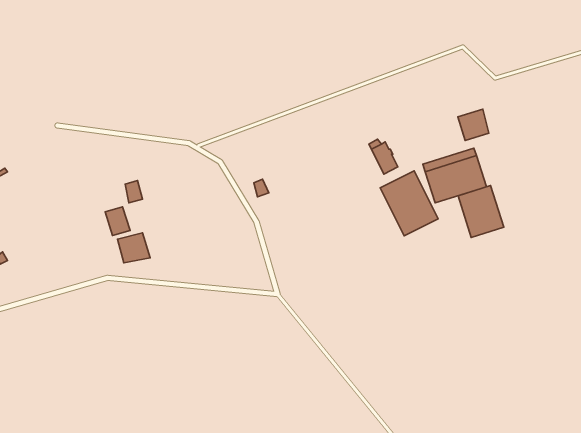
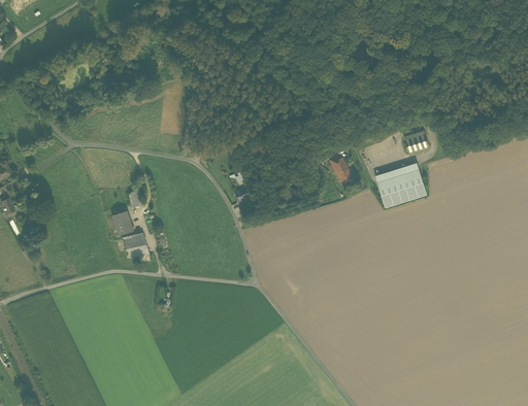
building: [380,171,438,236] -> none
building: [458,186,504,237] -> none

